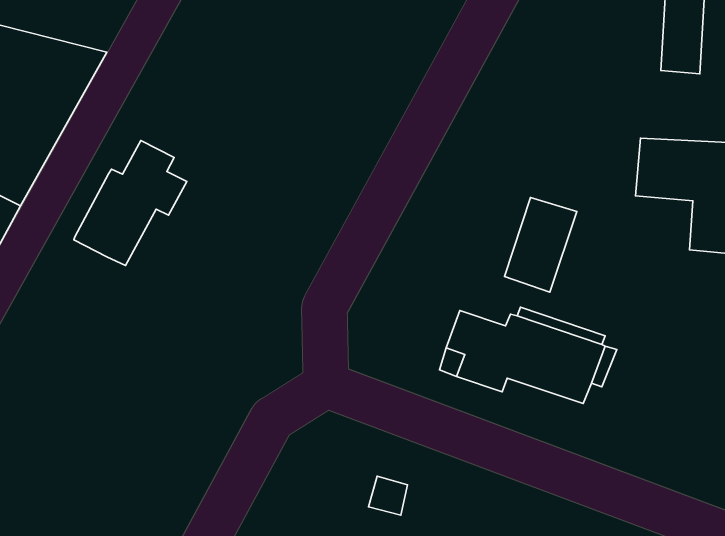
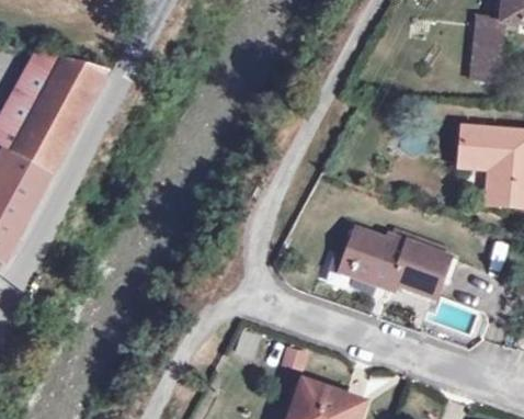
building: [74,140,187,266] -> none
building: [504,197,577,292] -> none

